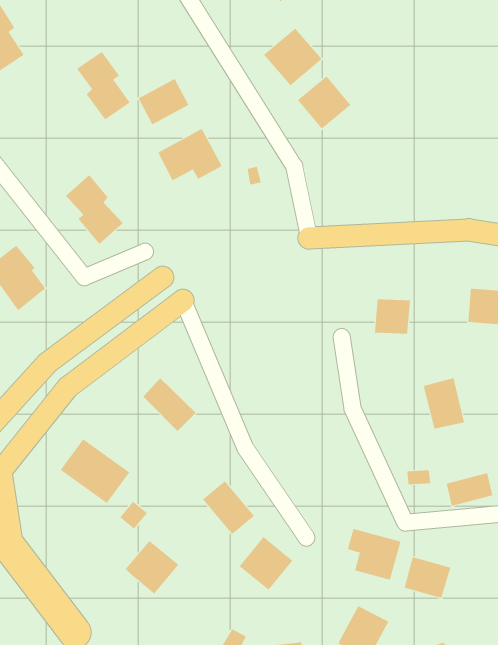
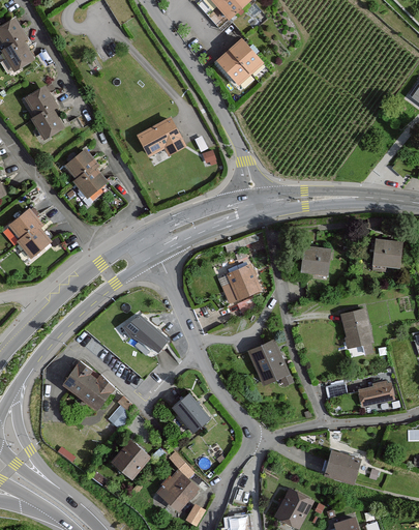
building: [76,51,131,120] -> [24,90,65,143]
building: [297,76,351,130] -> none
building: [138,78,189,125] -> none
building: none -> [226,266,261,302]
building: none -> [247,341,289,388]
building: [347,528,401,580] -> none
building: [239,536,293,591] -> [157,465,199,506]

